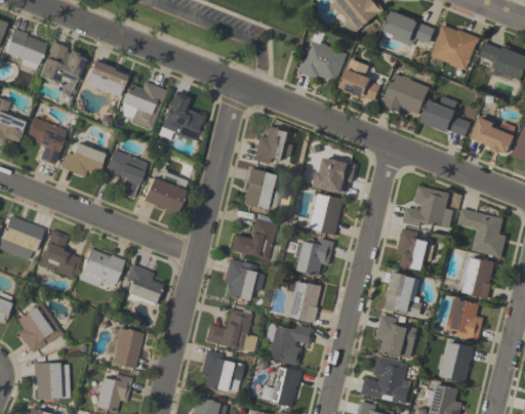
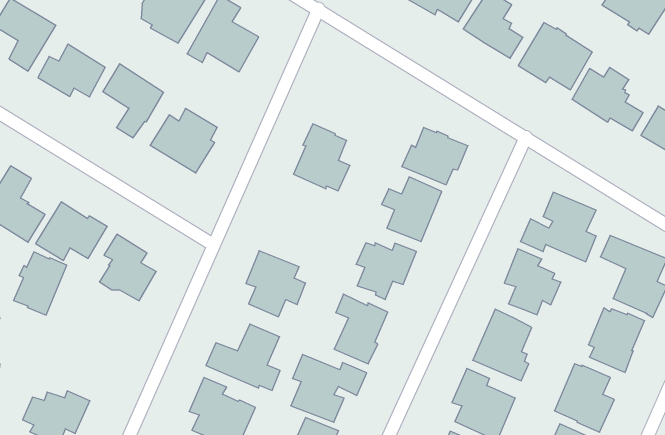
building: [253,125,294,164] -> none
building: [230,214,280,259] -> none
building: [111,327,143,368] -> [13,252,67,315]

